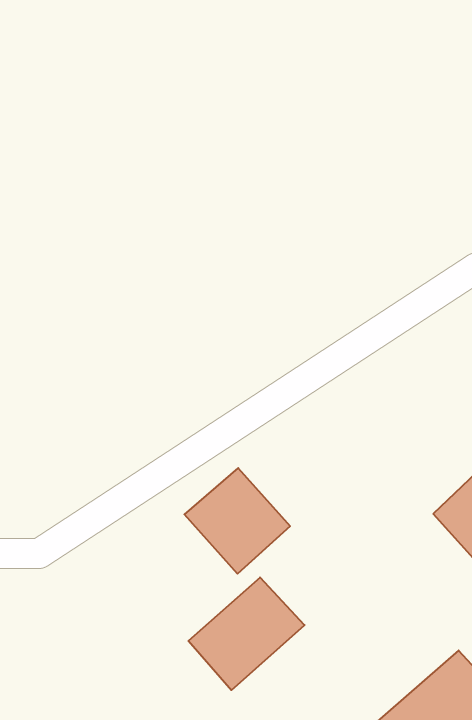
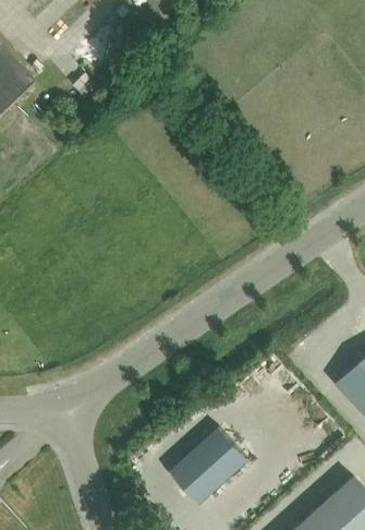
building: [184,468,290,574] -> none

